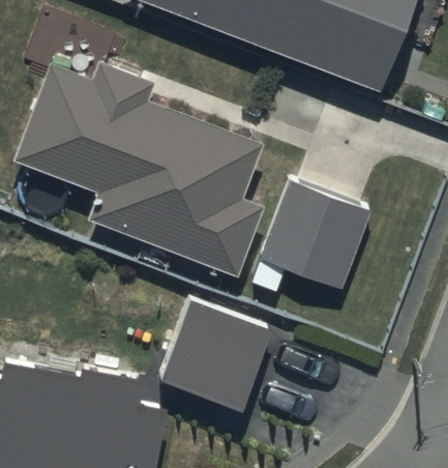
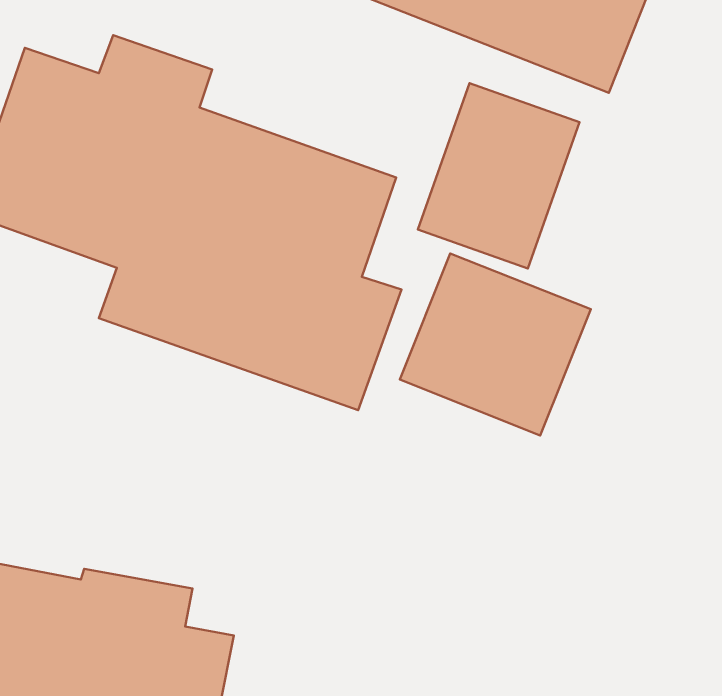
building: none -> [418,83,579,269]
building: [161,298,273,411] -> none

